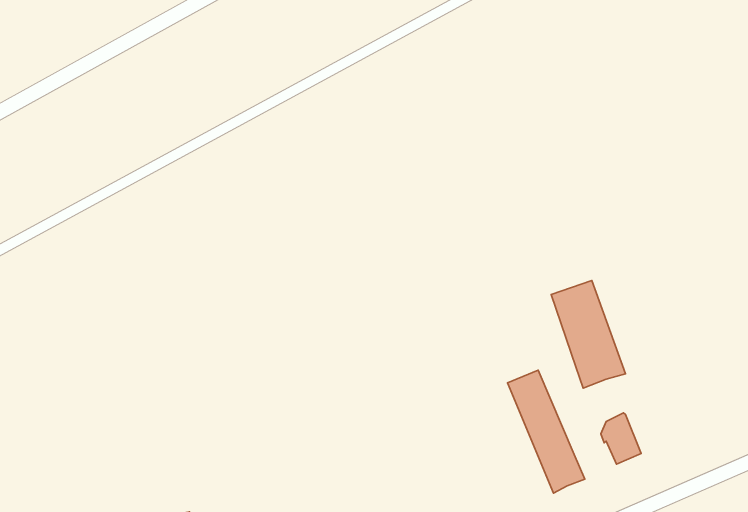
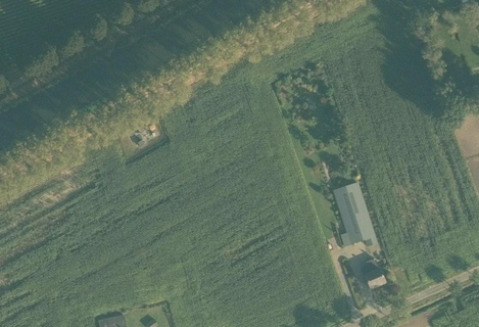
building: [507,370,585,493] -> none

